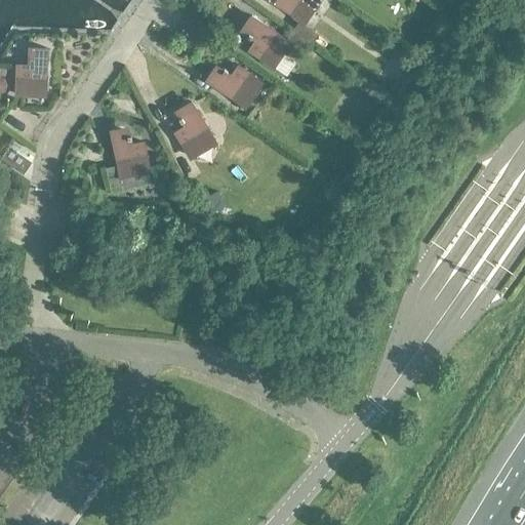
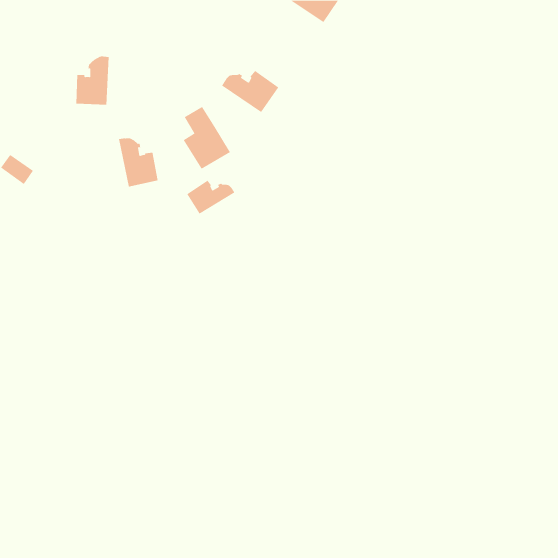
building: [246,16,290,67] -> none
building: [15,48,47,94] -> [75,56,109,105]
building: none -> [186,180,235,215]

